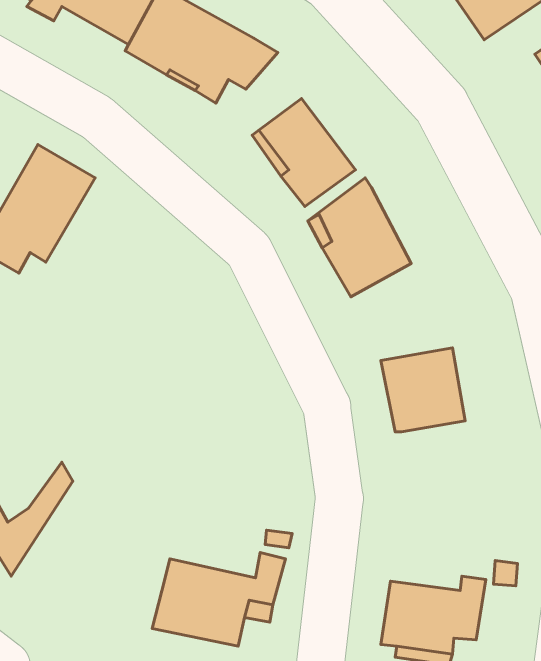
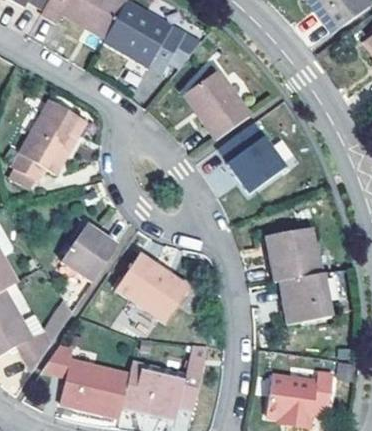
building: none -> [60,224,117,282]
building: none -> [116,252,189,322]
building: none -> [278,271,340,324]
building: none -> [43,342,129,416]

